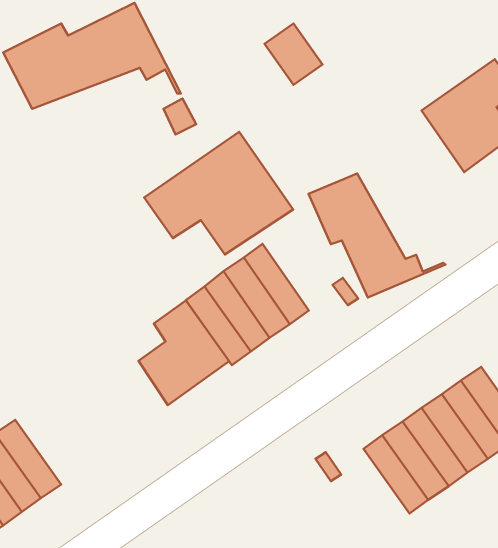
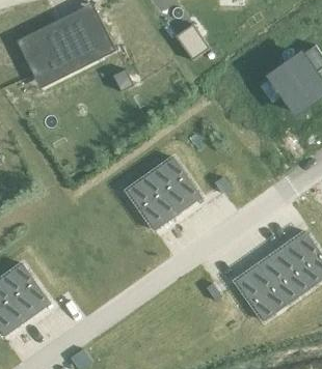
building: [144,132,293,254] -> none
building: [309,174,445,298] -> none
building: [138,300,229,405] -> none

